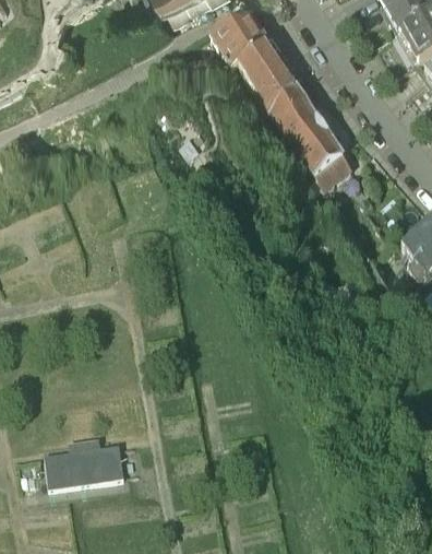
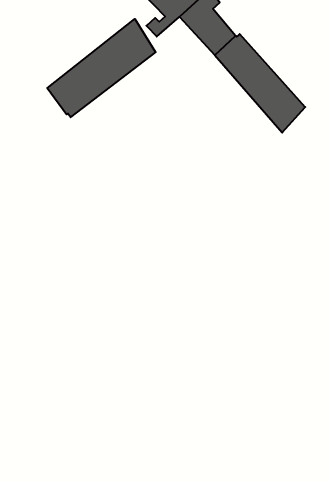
building: none -> [47,19,156,117]
building: [47,443,127,485] -> none

